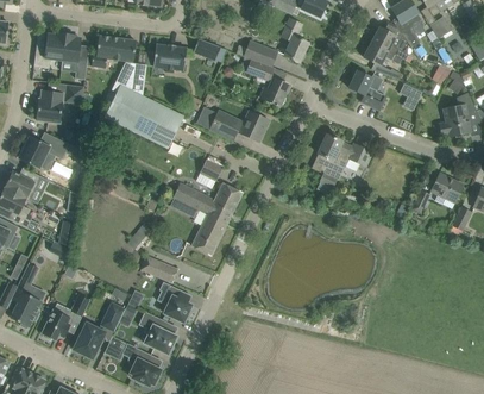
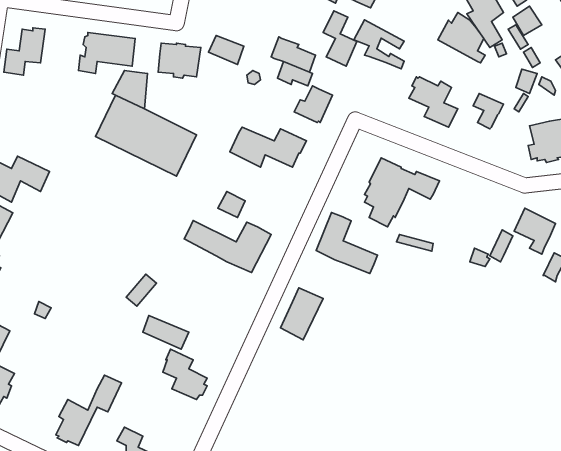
building: [62,33,87,80] -> none
building: [363,42,402,80] -> [354,20,404,69]
building: [37,83,83,123] -> none
building: none -> [316,213,377,273]
building: [193,214,226,255] -> [280,288,323,340]
building: [42,295,89,339] -> none
building: [139,311,176,354] -> none

